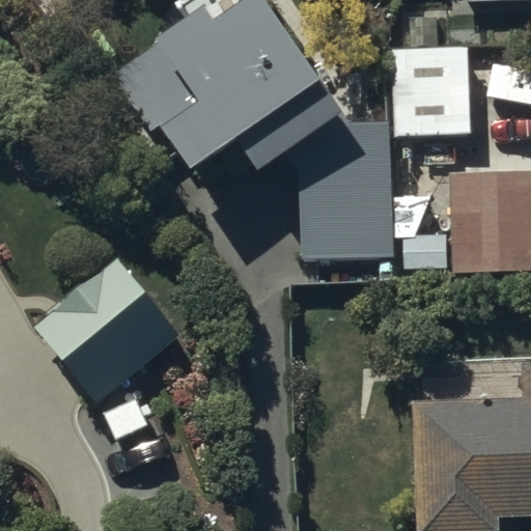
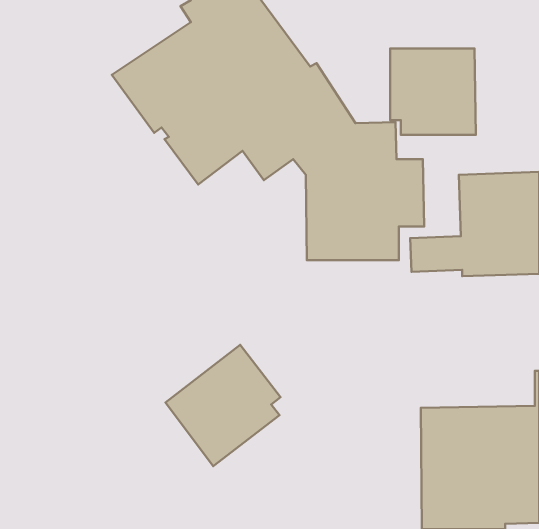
building: [34,255,181,402] -> none
building: none -> [165,345,281,466]

